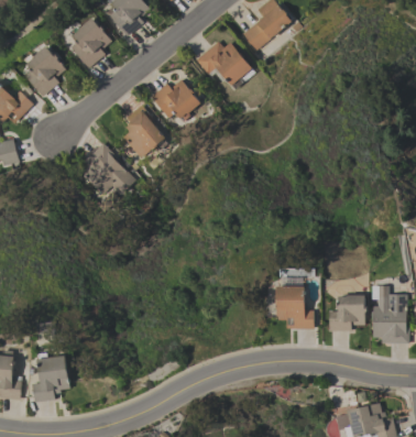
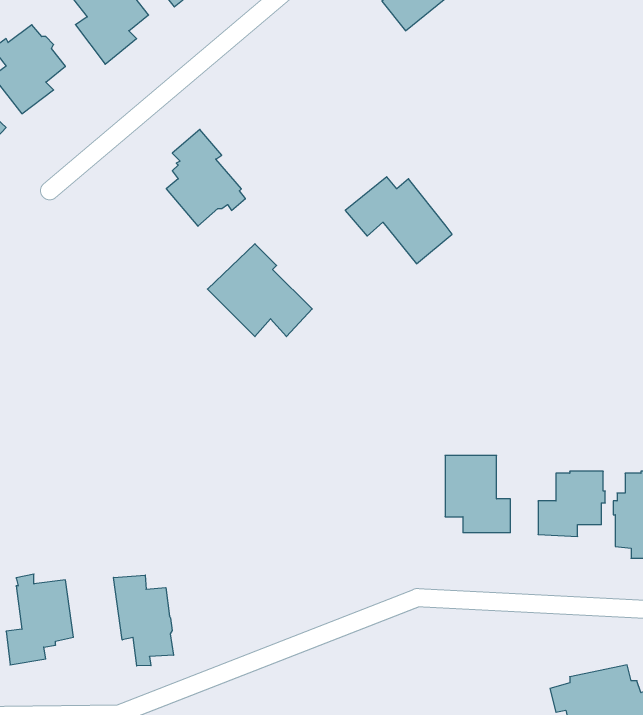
building: [195,41,254,89] -> [345,177,452,264]
building: [150,79,200,121] -> none
building: [76,143,134,195] -> [207,244,312,337]
building: none -> [114,575,174,666]

